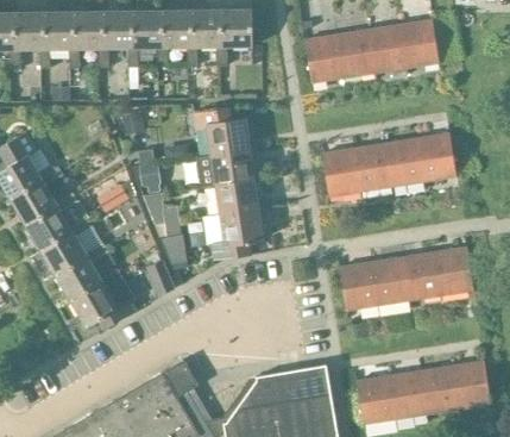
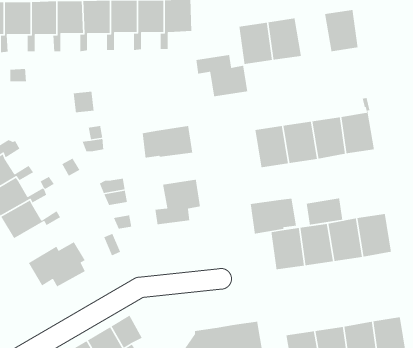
building: [367,25,407,73] -> none
building: [191,107,250,155] -> [195,54,248,97]
building: [216,180,258,214] -> none
building: none -> [306,198,343,226]
building: none -> [250,198,297,234]
building: [56,256,122,301] -> none

